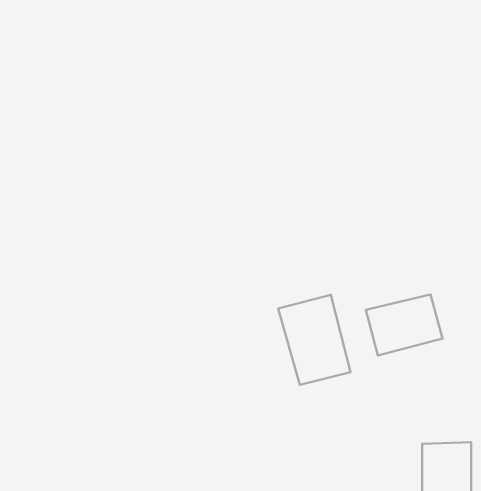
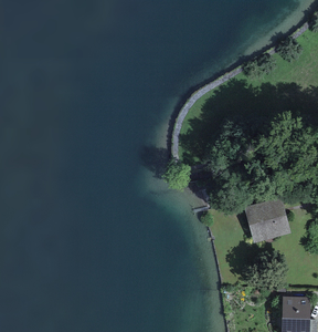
building: [278,295,351,385] -> none

